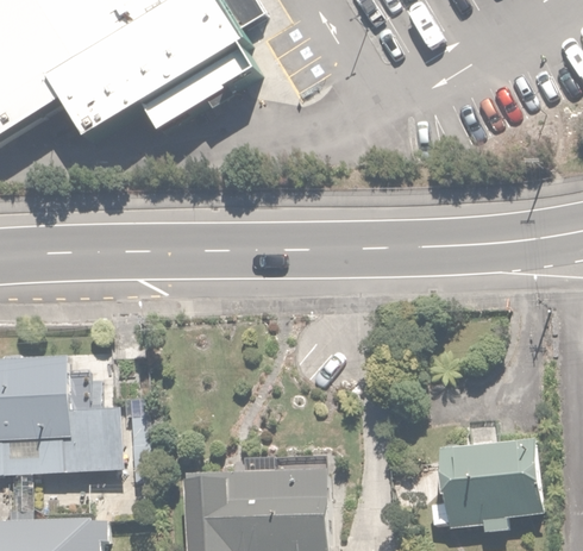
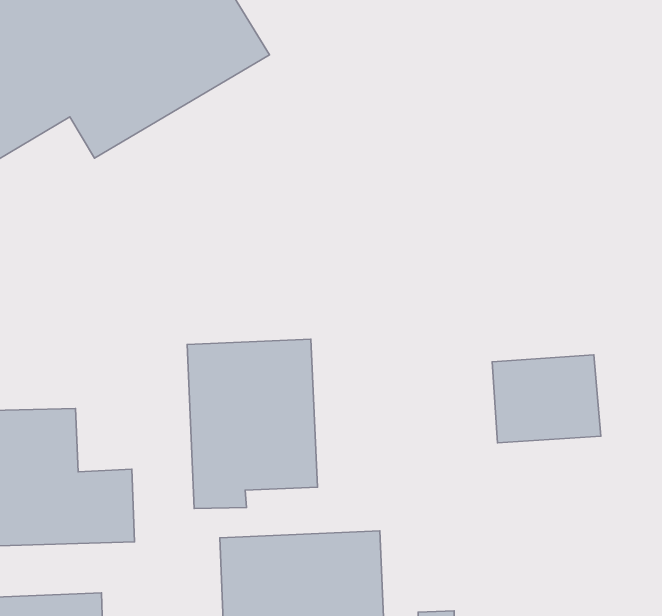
building: none -> [187,339,318,508]
building: [445,444,539,520] -> [492,355,601,443]

